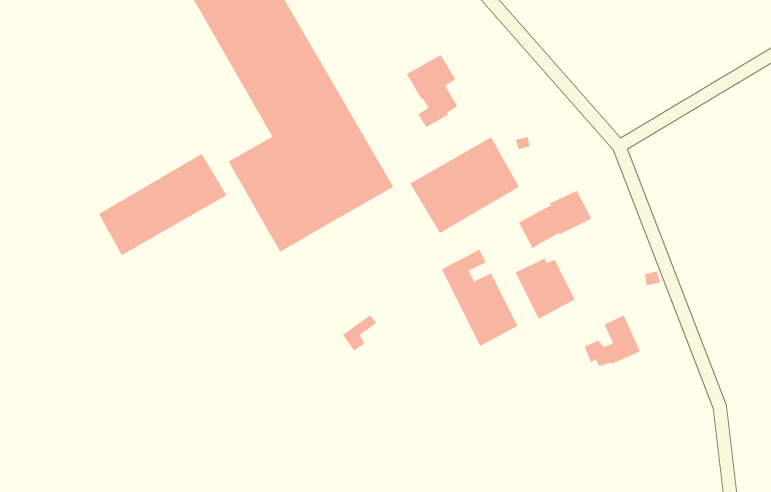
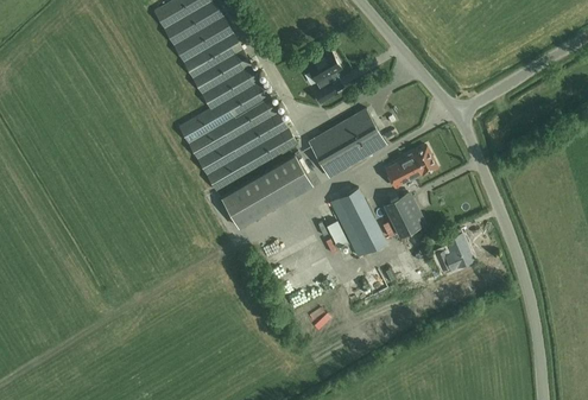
building: [98,153,227,256] -> [221,155,312,228]

